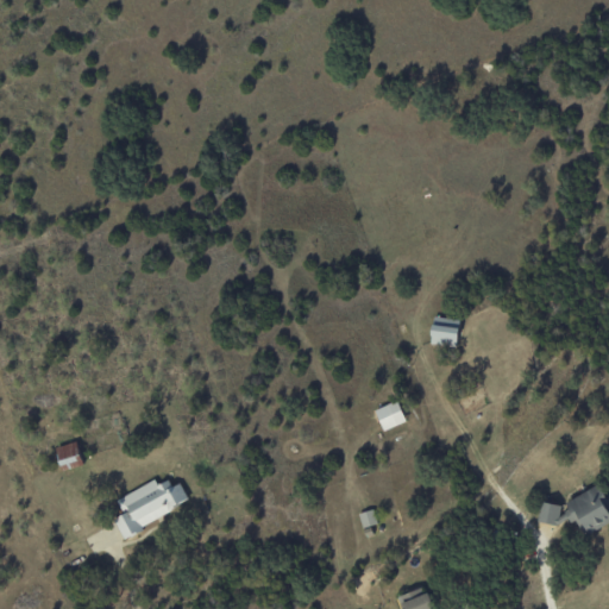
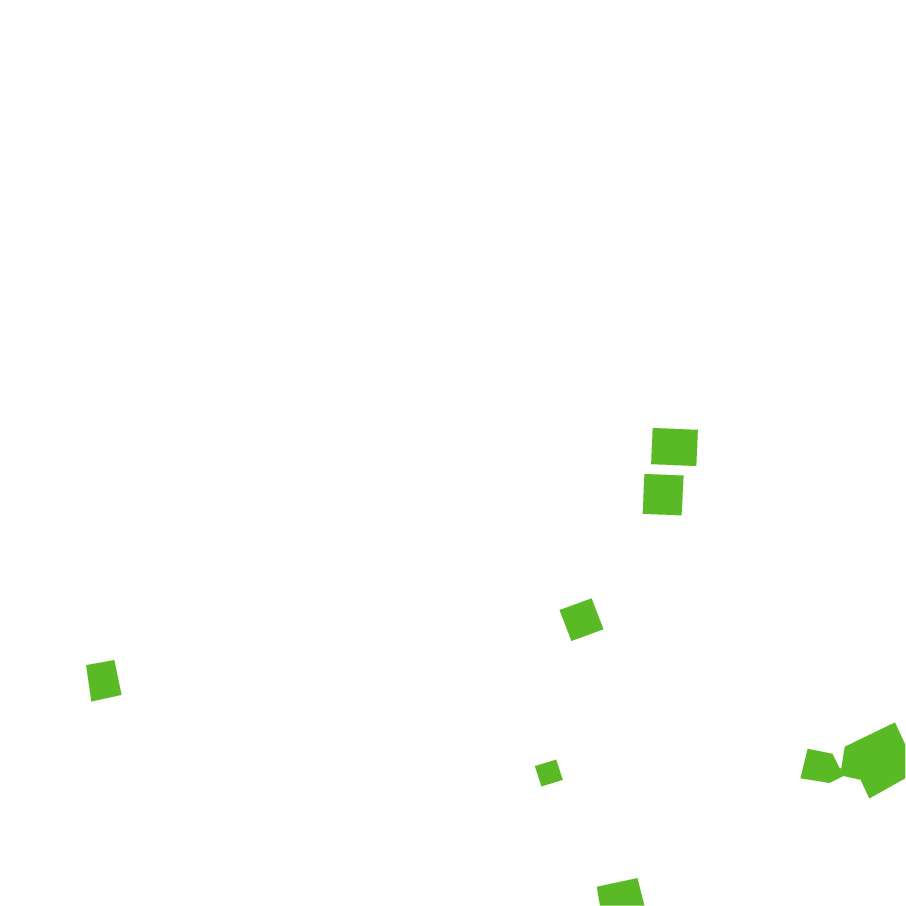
building: none -> [650,427,698,467]
building: [113,481,190,536] -> none

